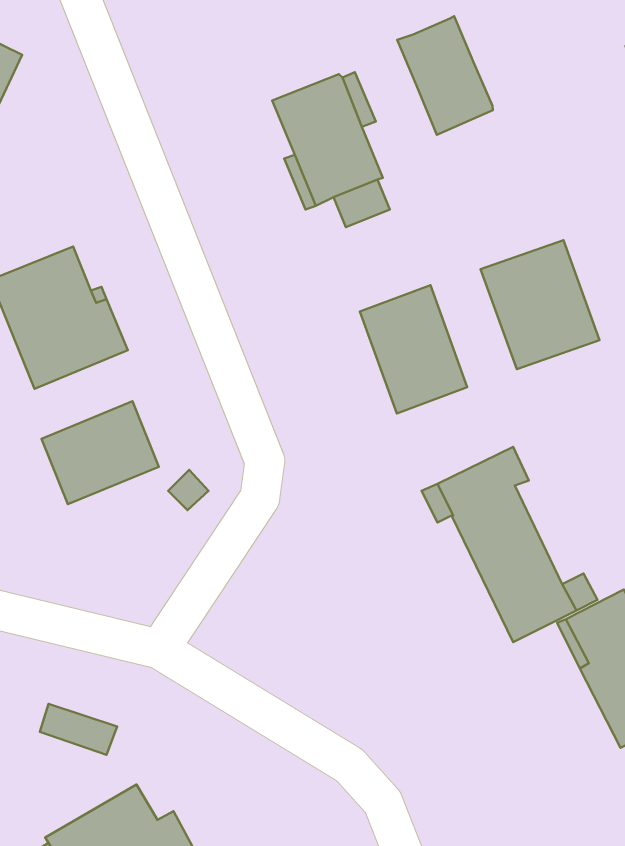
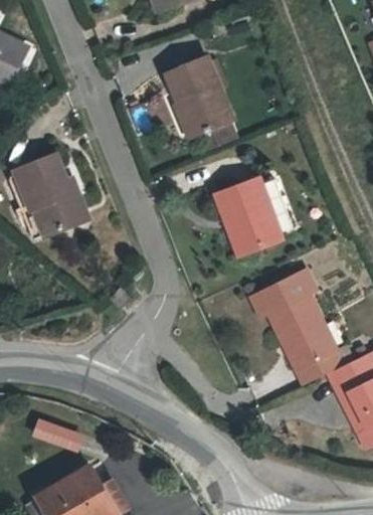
building: [397,16,493,135] -> none
building: [481,240,600,369] -> none
building: [42,401,159,504] -> none

